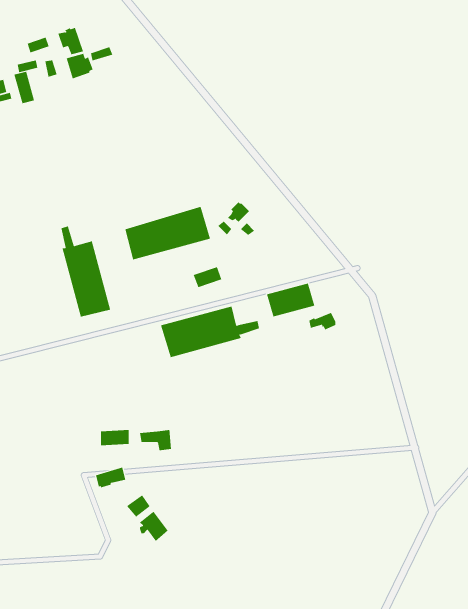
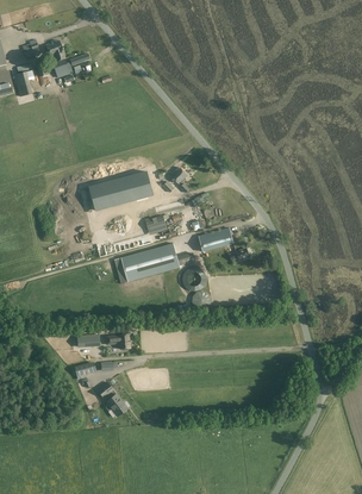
building: [61,225,111,317] -> none

